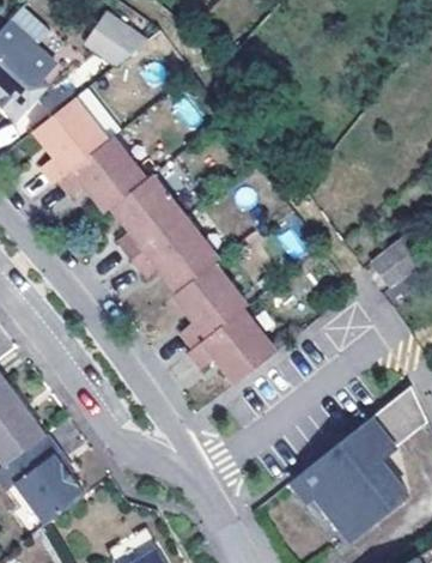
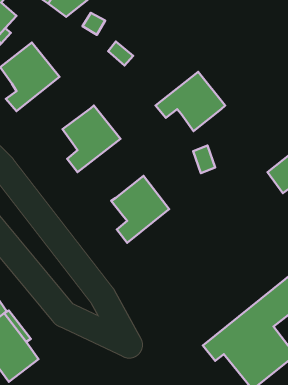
building: [61,139,150,213] -> none
building: [133,219,220,293] -> [155,72,225,131]
building: [189,310,276,383] -> none

